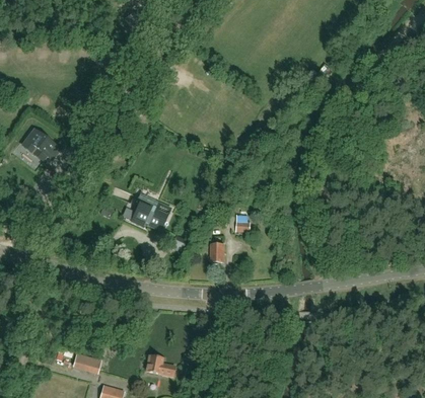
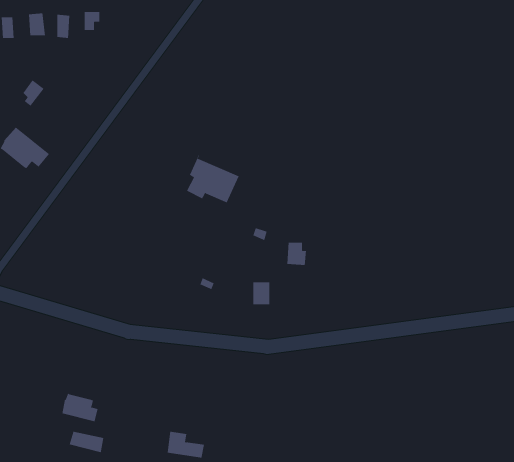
building: [130,192,169,229] -> [186,154,239,203]
building: none -> [62,393,98,422]

